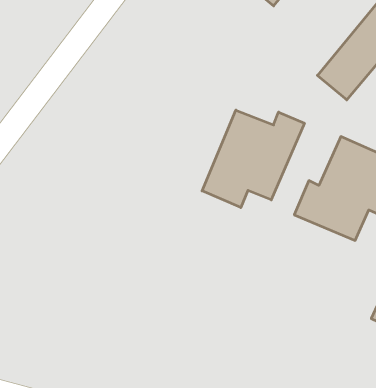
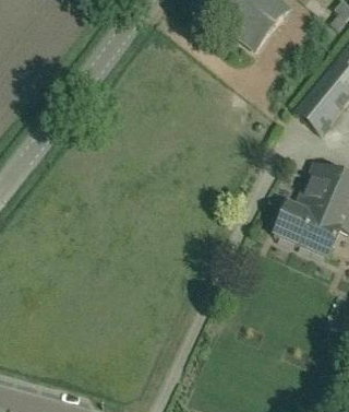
building: [202,110,304,208] -> none

